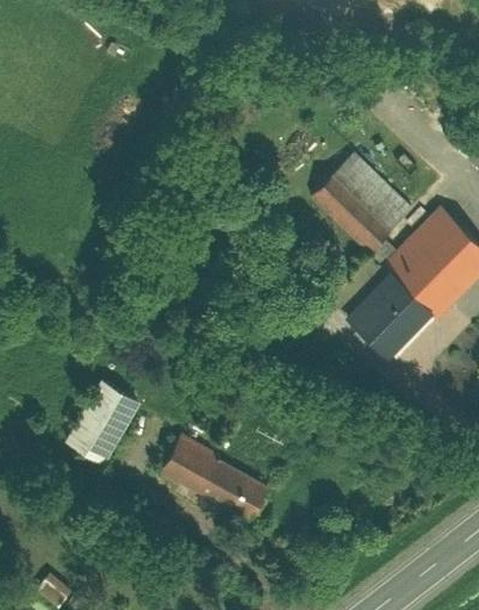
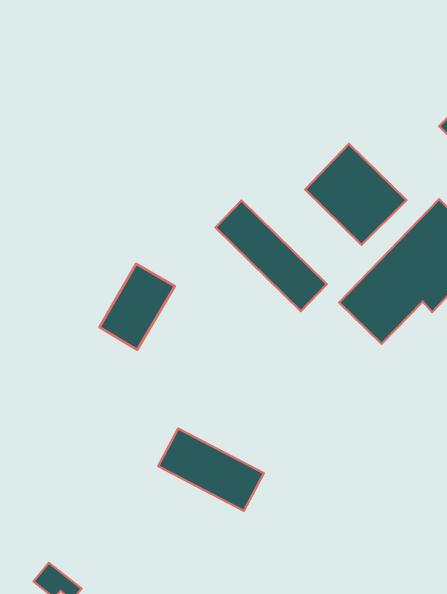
building: none -> [216,201,327,311]
building: [63,376,139,463] -> [100,264,175,350]

